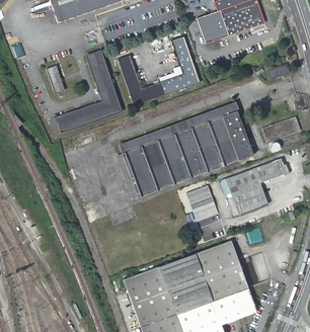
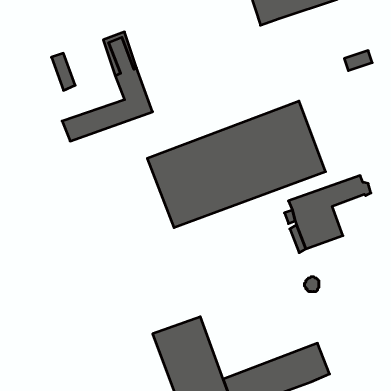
building: [118,36,199,104] -> none
building: [261,115,300,142] -> none
building: [187,183,219,221] -> none
building: [159,239,248,313] -> none

